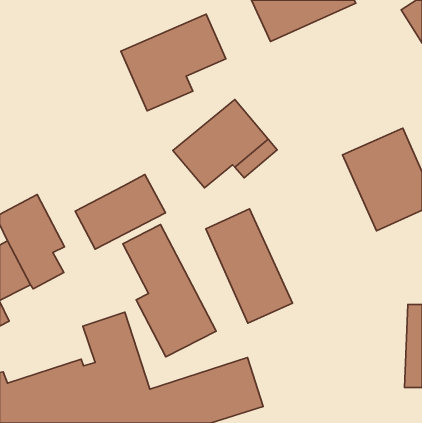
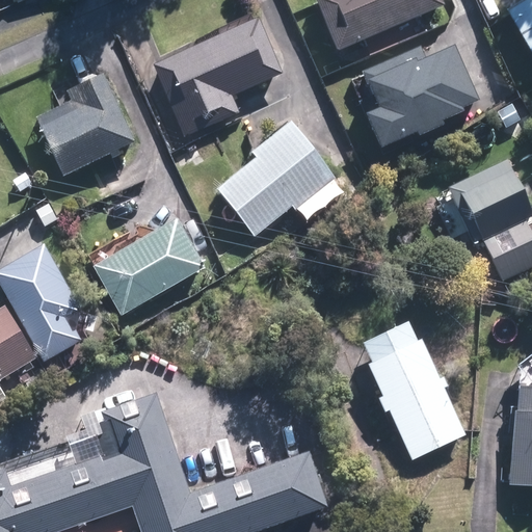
building: none -> [366,43,479,147]
building: none -> [35,71,135,174]
building: [206,209,293,323] -> [357,317,467,460]
building: [123,225,216,357] -> none

